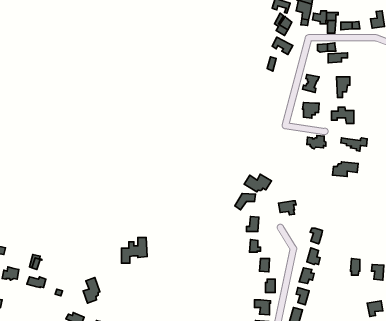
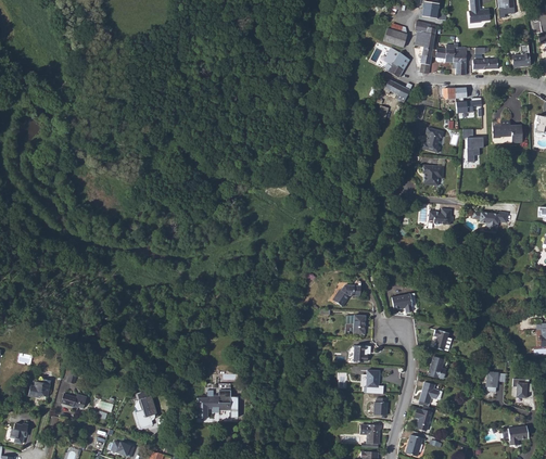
building: [331,107,354,124] -> [492,120,521,142]
building: [332,162,358,177] -> none
building: [244,174,271,192] -> none
building: [121,238,147,263] -> [196,384,230,418]

